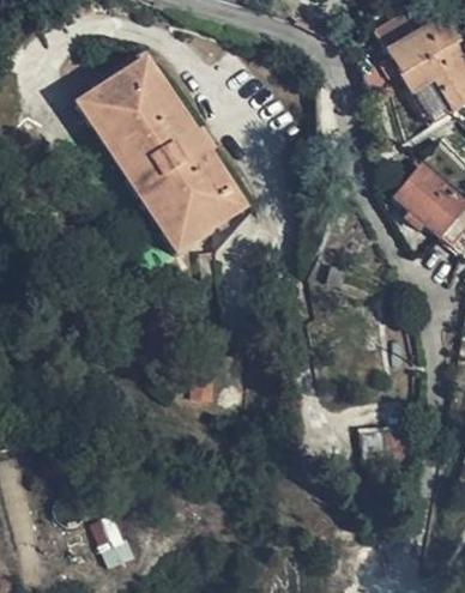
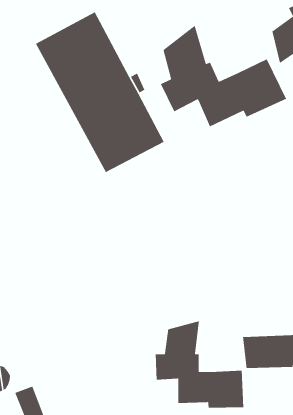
building: none -> [160,25,287,128]
building: none -> [155,320,244,408]

